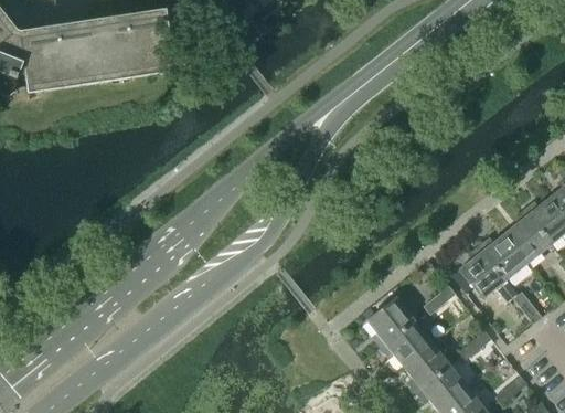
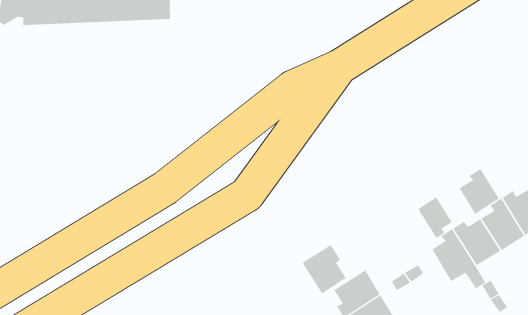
building: none -> [459,168,500,215]
building: none -> [418,196,453,239]
building: none -> [302,244,346,295]

